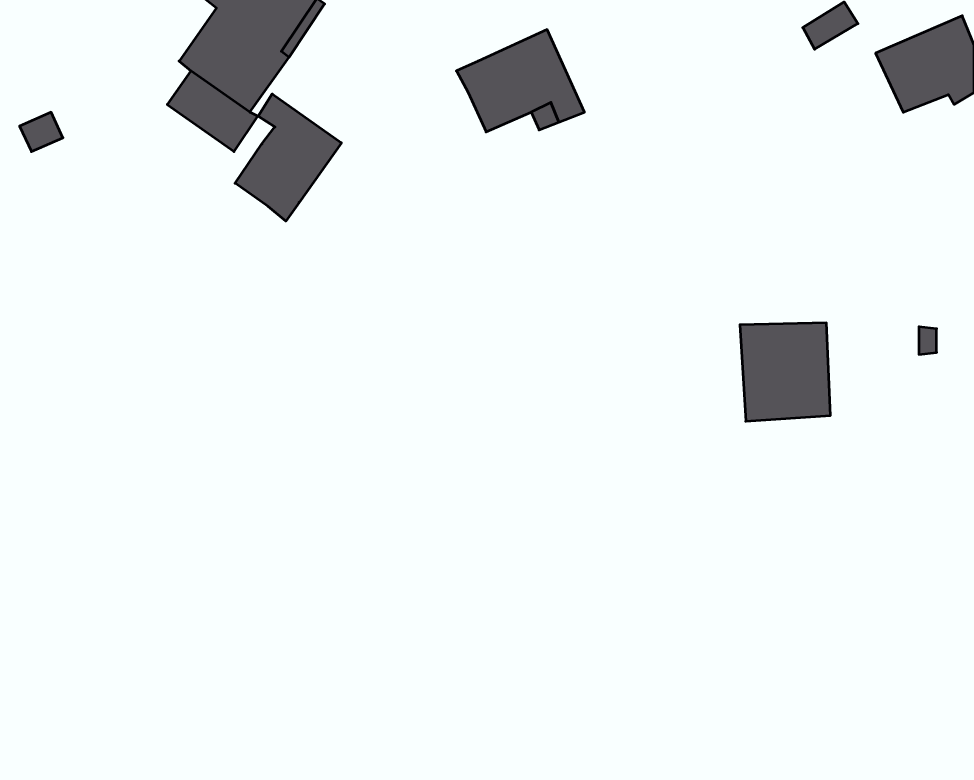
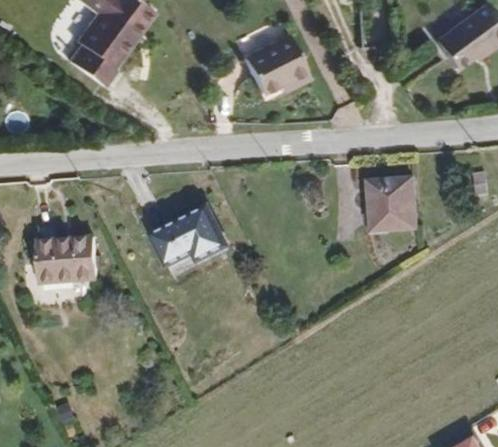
building: [235,94,341,221] -> none
building: none -> [142,204,220,261]
building: none -> [26,235,83,276]

